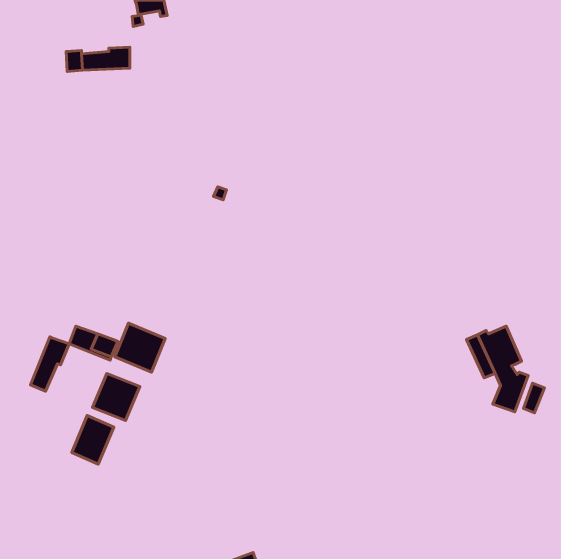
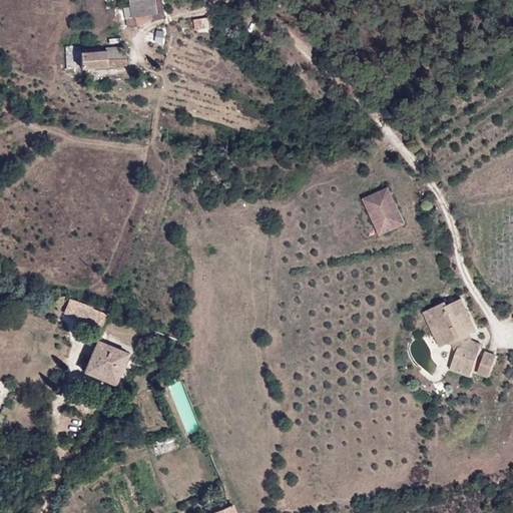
building: none -> [363,185,407,236]
building: [115,323,165,372] -> none
building: [30,337,69,391] -> none
building: [72,416,114,464] -> none

